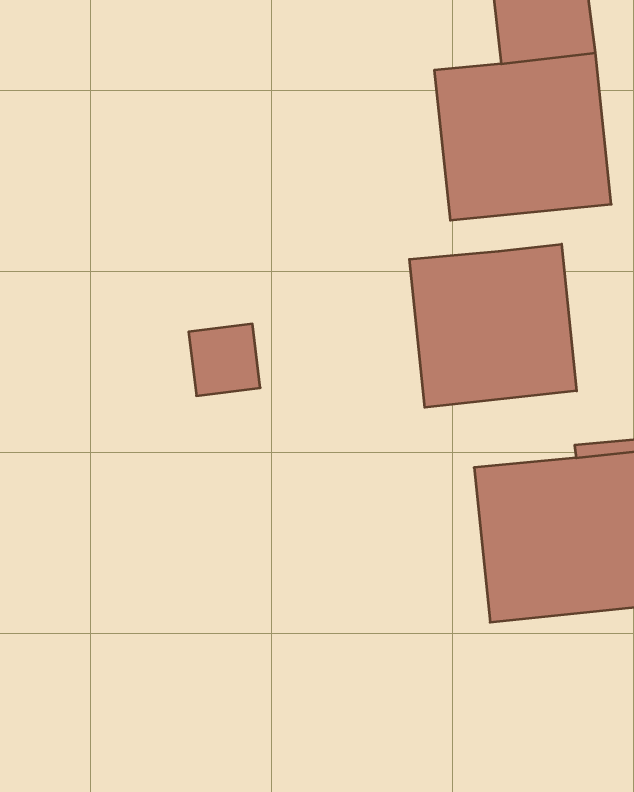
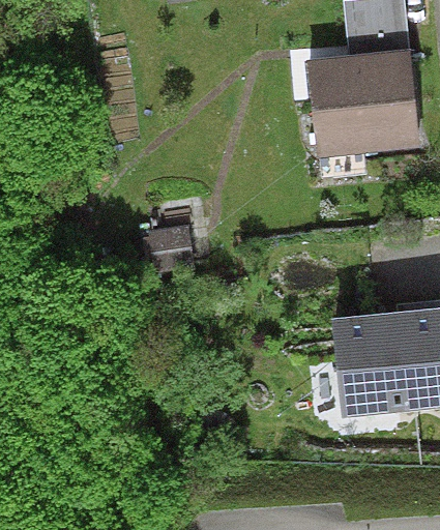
building: [409,244,577,407] -> none

